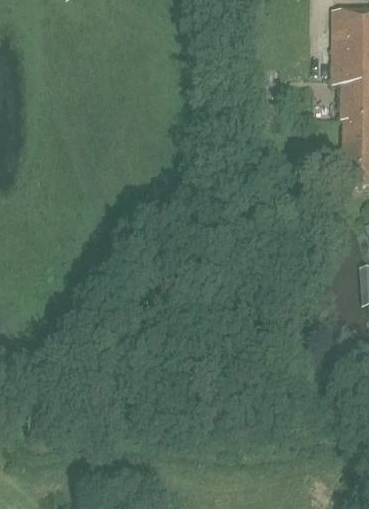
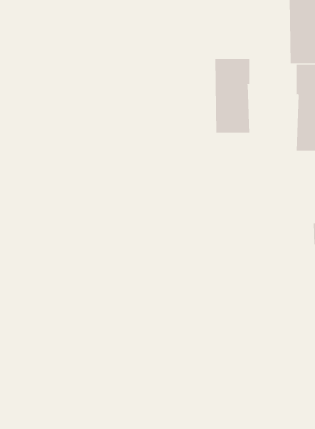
building: none -> [215,58,250,134]

